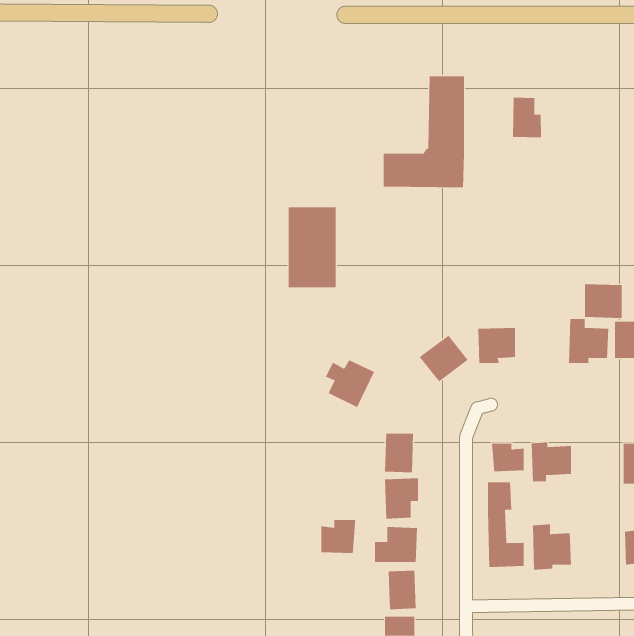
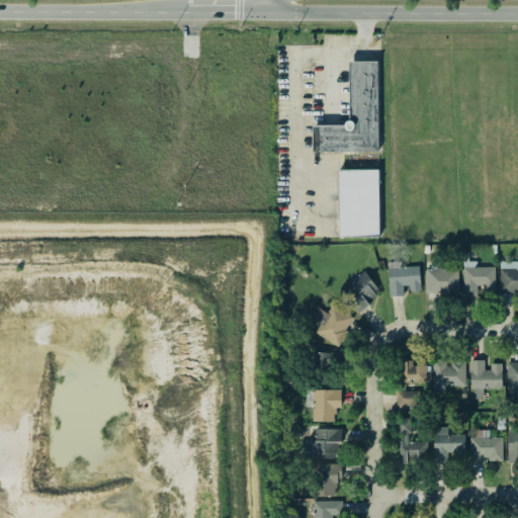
building: [512,97,541,138] -> none
building: [288,207,336,288] -> [339,171,378,237]
building: [584,284,623,319] -> [428,266,459,294]
building: [325,359,375,408] -> [314,306,354,345]
building: none -> [472,359,503,398]
building: [321,519,356,554] -> none
building: none -> [470,436,504,462]

